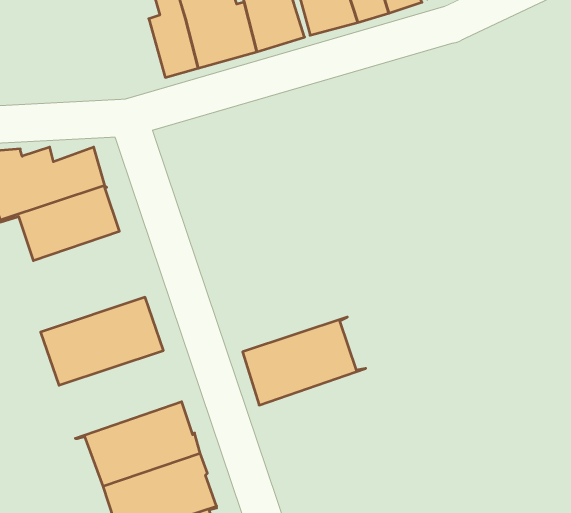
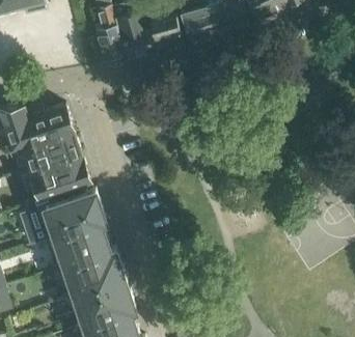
building: none -> [31,151,90,196]
building: [243,317,366,405] -> [46,219,115,269]

